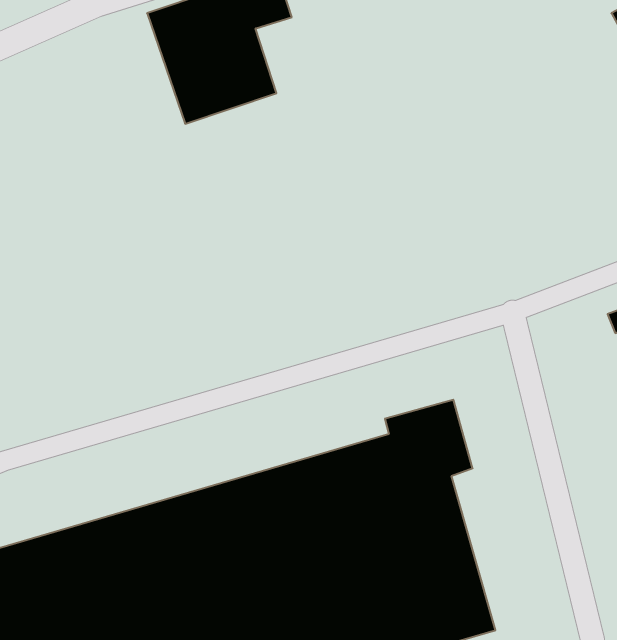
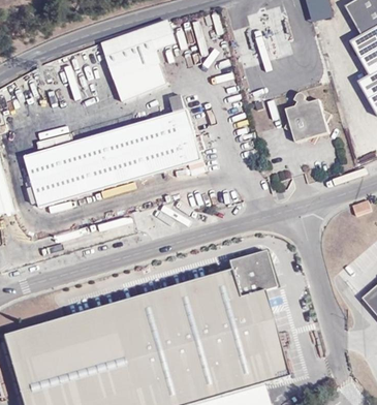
building: none -> [284,96,329,143]
building: none -> [28,110,200,202]

